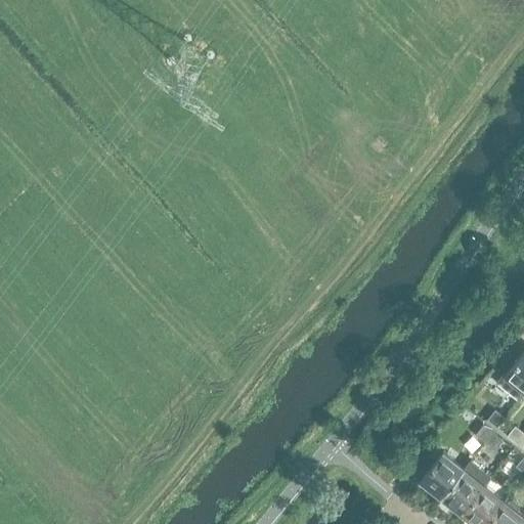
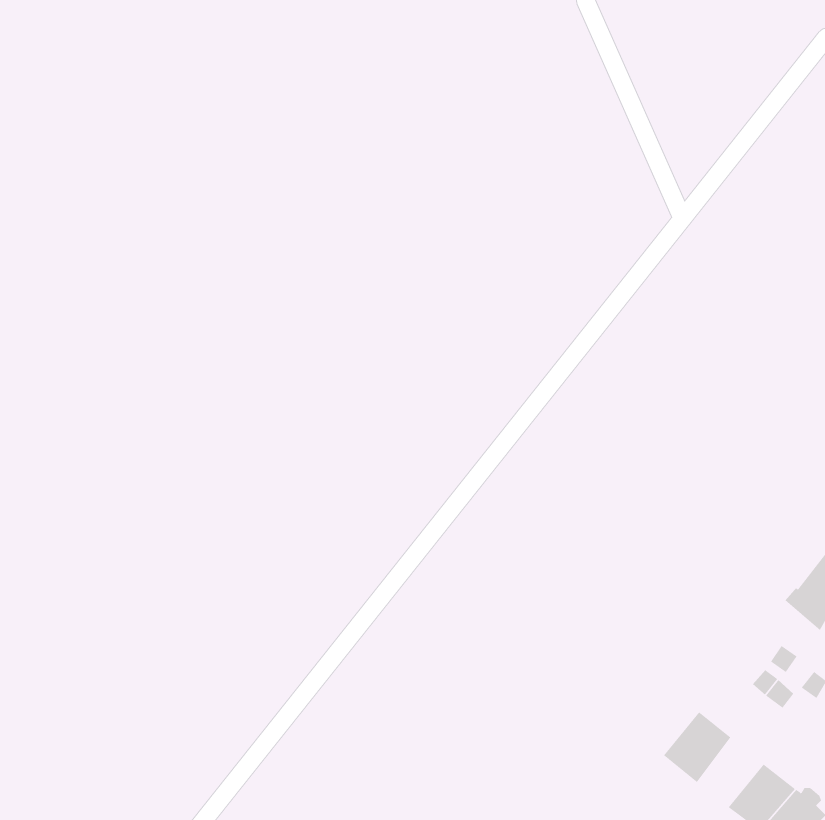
building: [442,464,492,515] -> none

